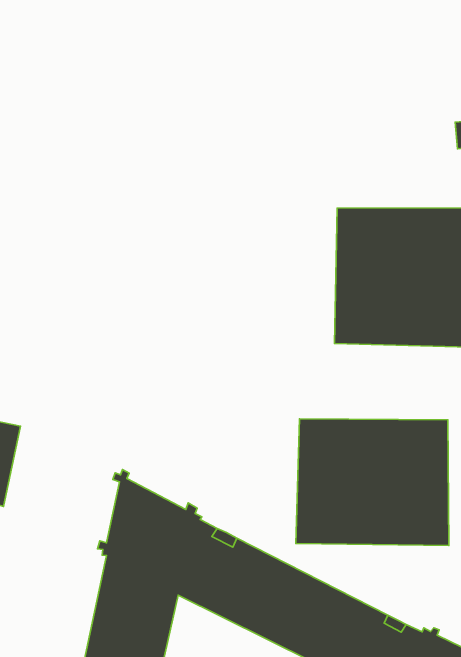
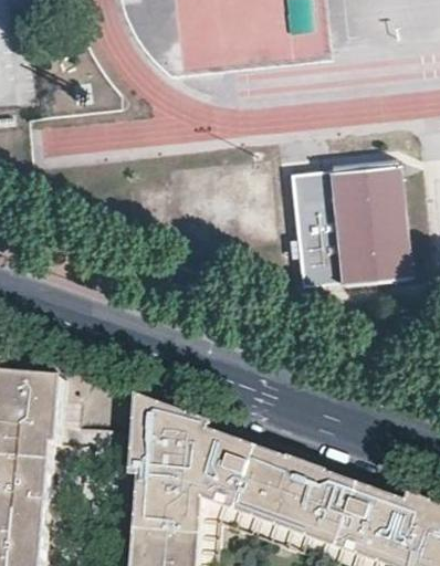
building: [296,419,449,546] -> none

